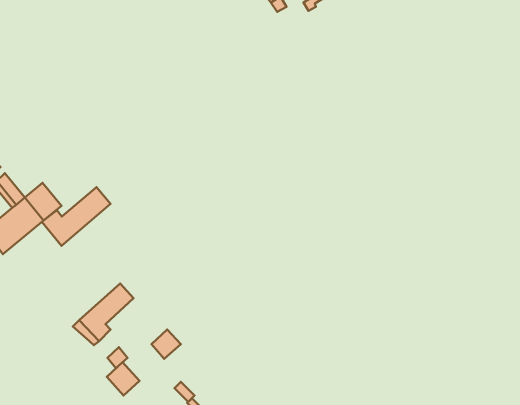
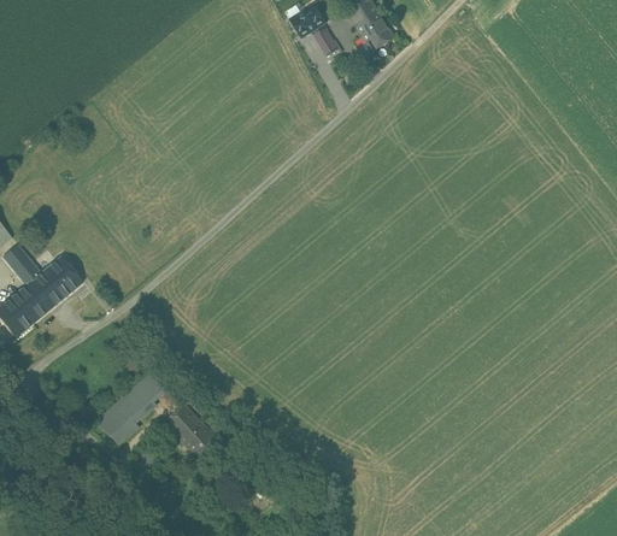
building: [42,187,110,246] -> none
building: [107,362,139,396] -> [166,402,204,441]

